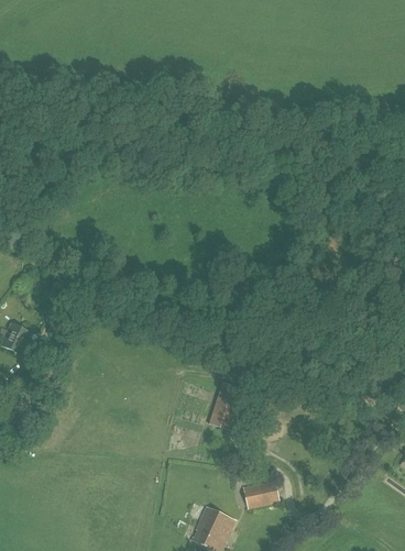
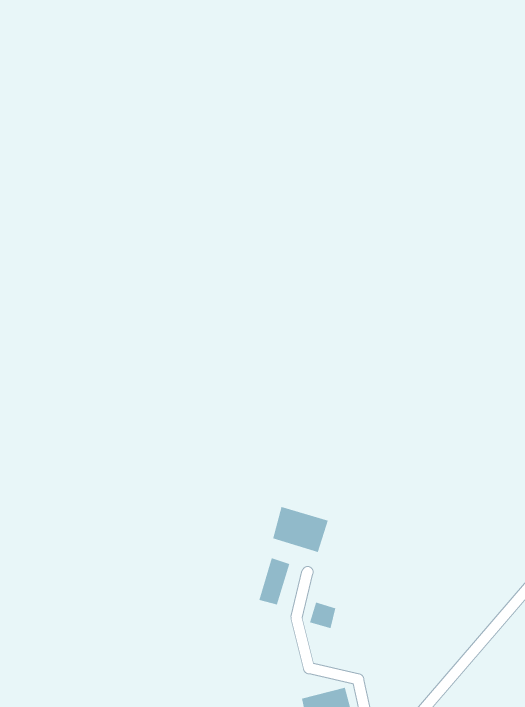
building: none -> [272,506,328,553]

